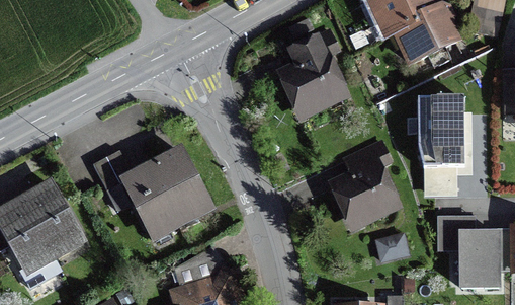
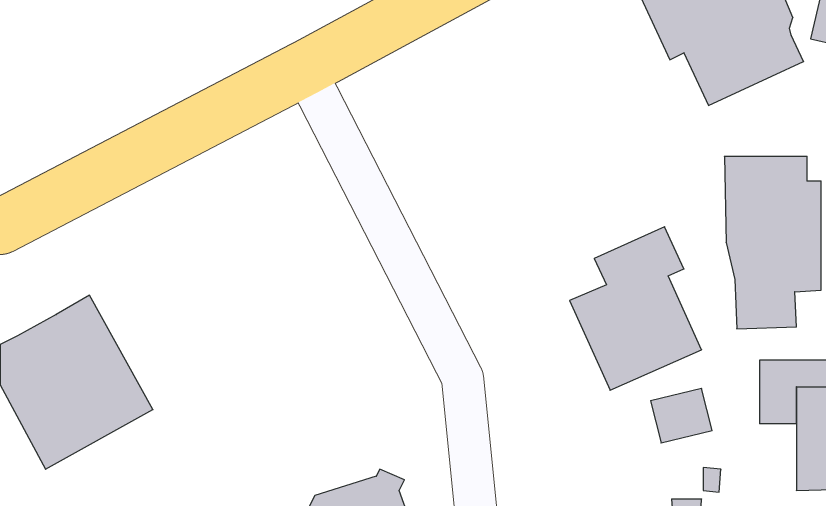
building: [275,15,352,121] -> none
building: [93,144,217,242] -> none

